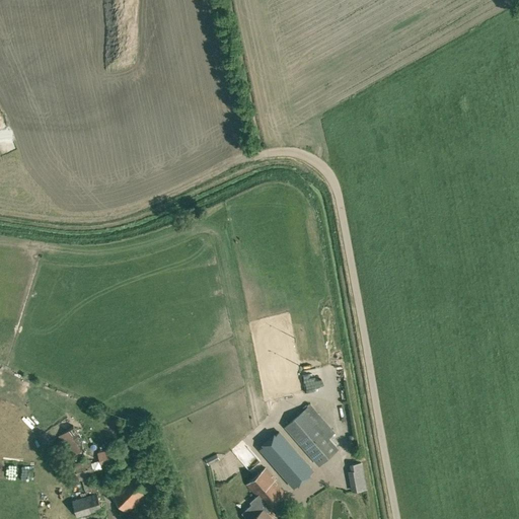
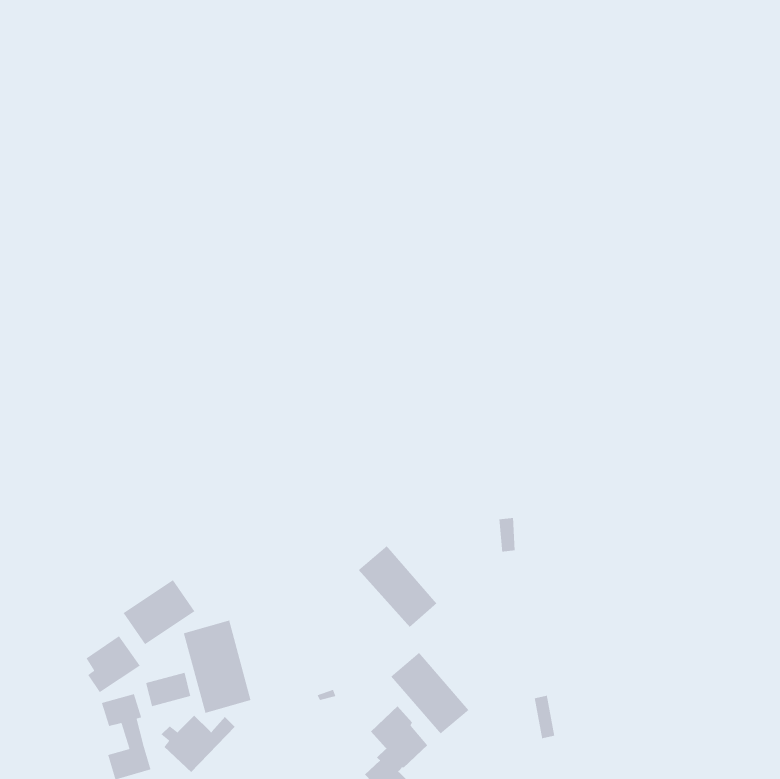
building: none -> [123,579,195,645]
building: [284,412,337,466] -> [358,545,437,628]
building: none -> [183,620,251,714]

